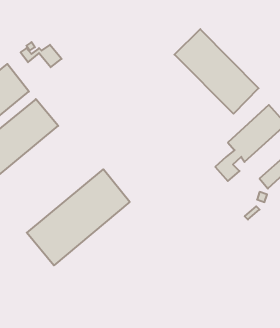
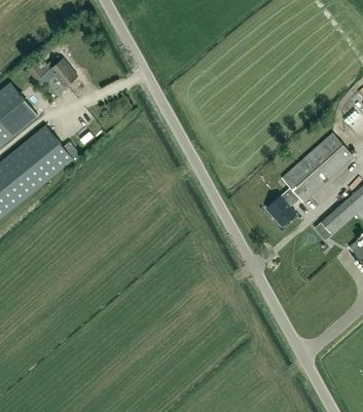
building: [174,29,259,114] -> none
building: [27,169,130,265] -> none

